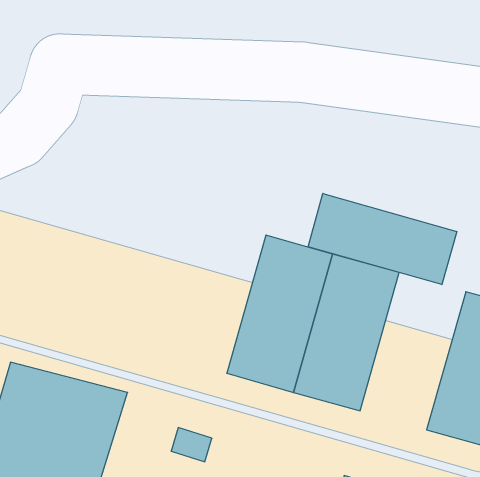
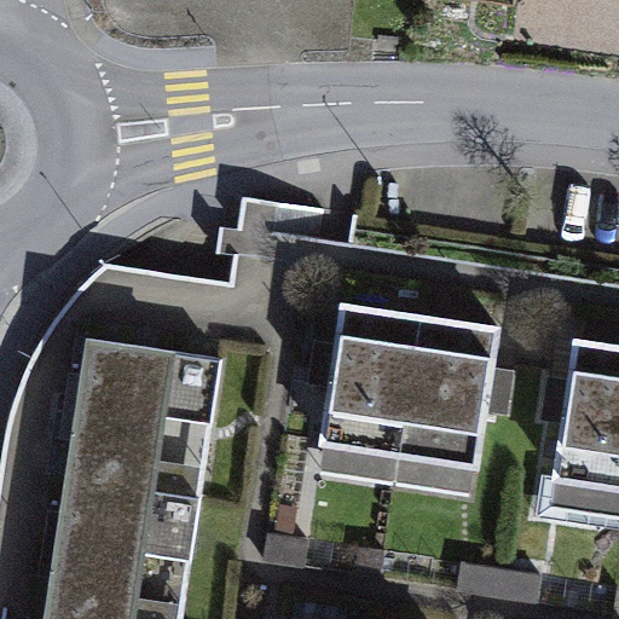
building: [308,193,457,285] -> none
building: none -> [65,347,222,502]

